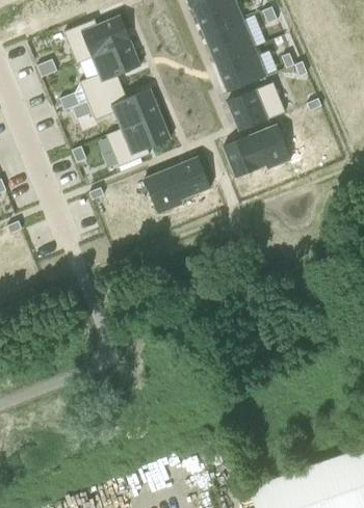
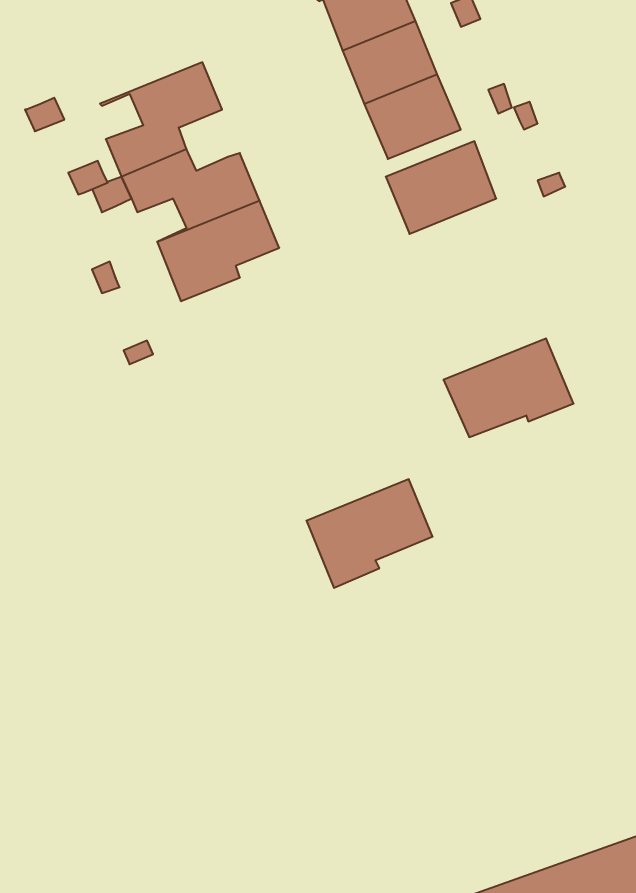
building: [63,16,130,62] -> none
building: [223,125,291,177] -> [443,338,574,437]
building: [144,157,210,214] -> [306,479,433,588]

